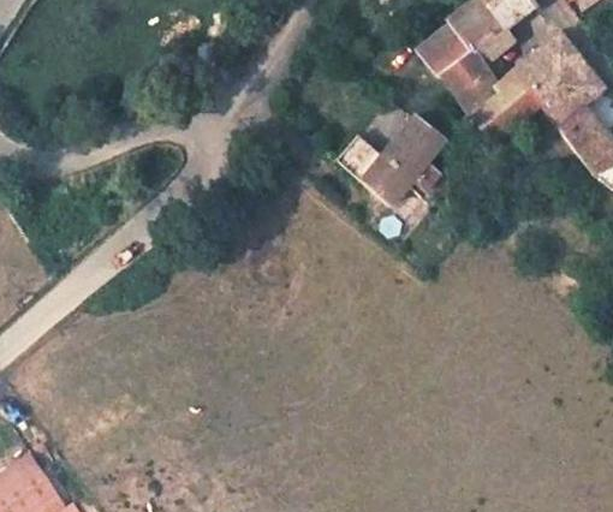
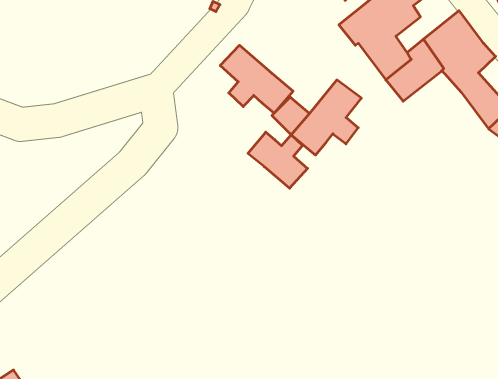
building: none -> [220,45,293,113]
building: none -> [248,132,308,188]

